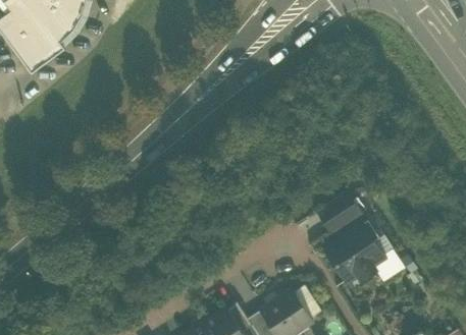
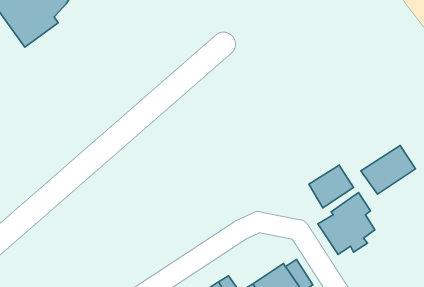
building: none -> [361,146,416,194]

